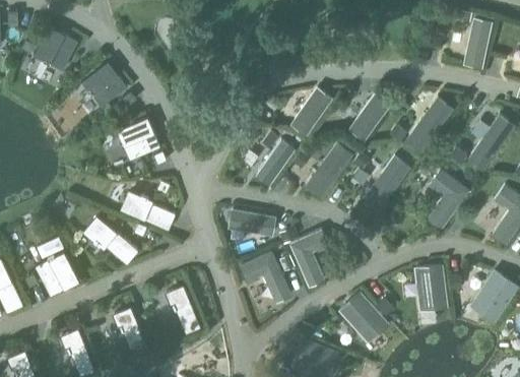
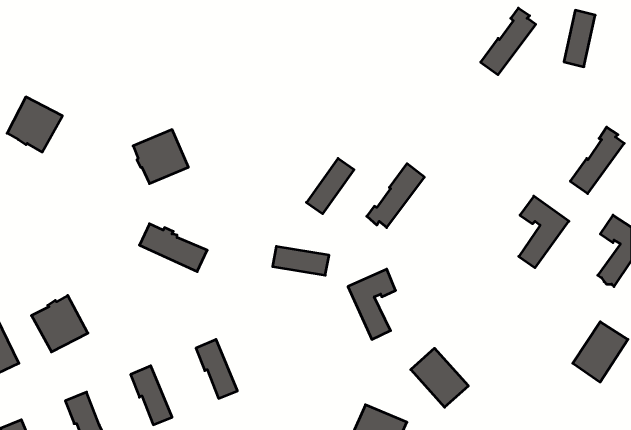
building: [34,26,78,71] -> [7,97,62,152]
building: [81,61,127,108] -> none
building: [291,89,330,134] -> none
building: [350,95,389,139] -> none
building: [406,98,451,151] -> [481,8,536,75]
building: [362,158,408,208] -> none
building: [84,219,135,264] -> none
building: [240,252,290,302] -> none
building: [415,266,446,310] -> none

